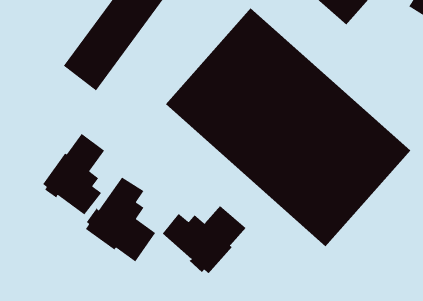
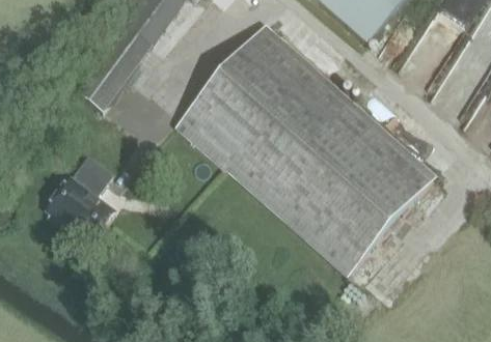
building: [85,176,156,262] -> none
building: [162,205,246,274] -> none

